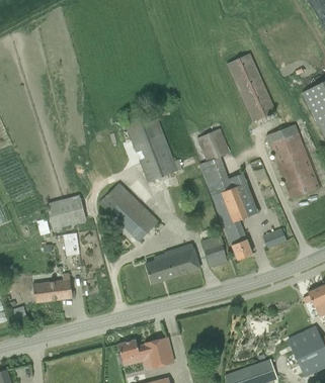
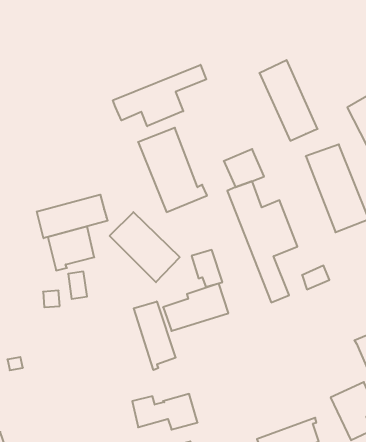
building: none -> [113,65,206,126]
building: none -> [37,195,108,238]
building: [201,234,228,266] -> [192,250,222,287]
building: none -> [134,301,176,370]
building: [32,272,73,302] -> none

